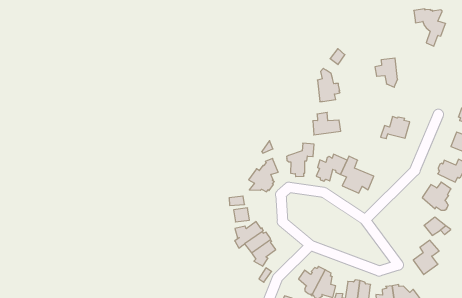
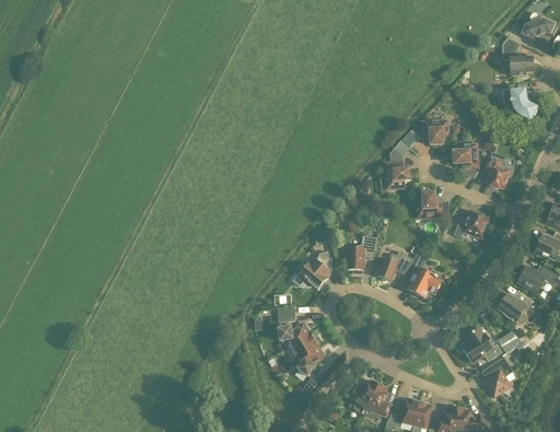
building: none -> [422,119,448,144]
building: none -> [483,155,513,188]
building: [313,112,341,135] -> [417,192,448,218]
building: none -> [462,327,501,362]

